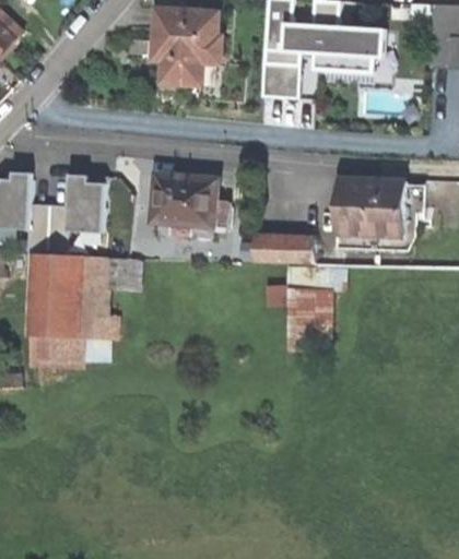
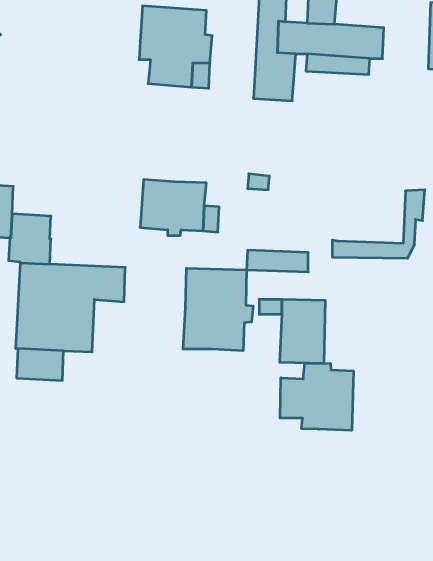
building: [337,178,405,234] -> none
building: [66,180,105,231] -> none
building: none -> [183,268,253,351]
building: none -> [280,363,353,430]

